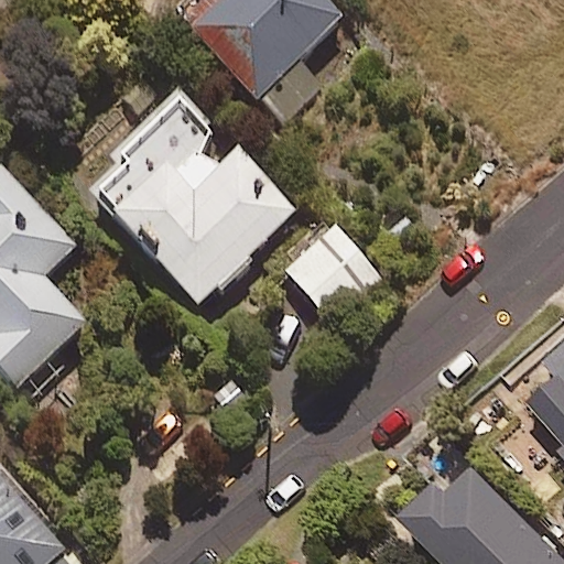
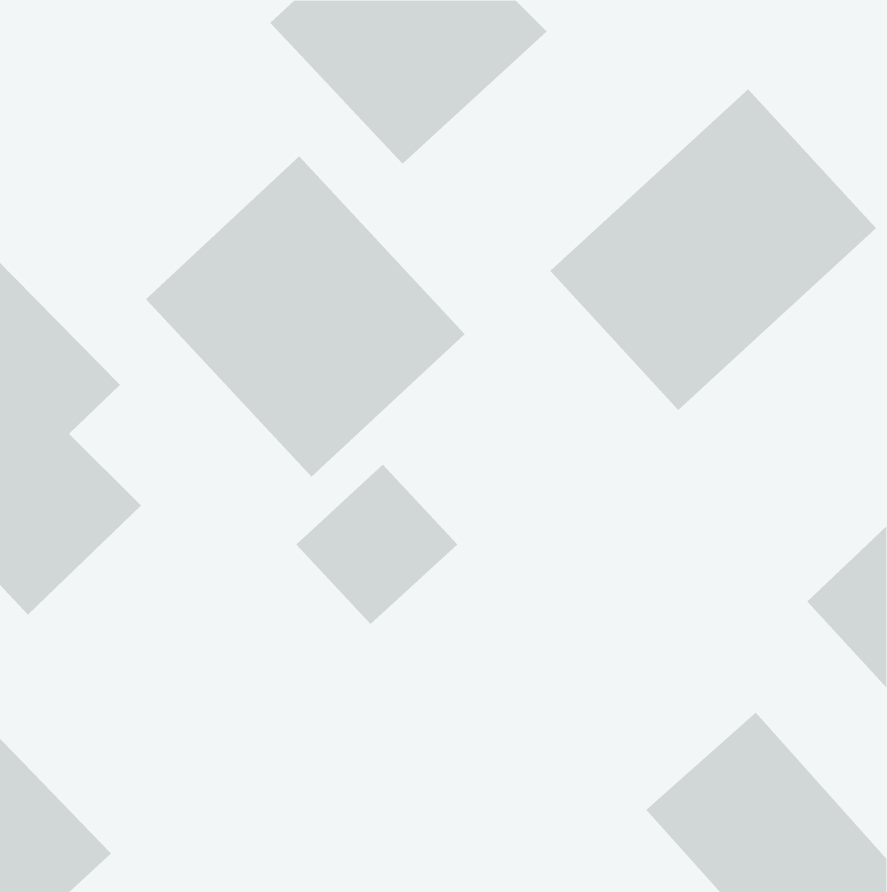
building: none -> [550,88,877,411]
building: [279,224,381,325] -> [295,464,458,625]

